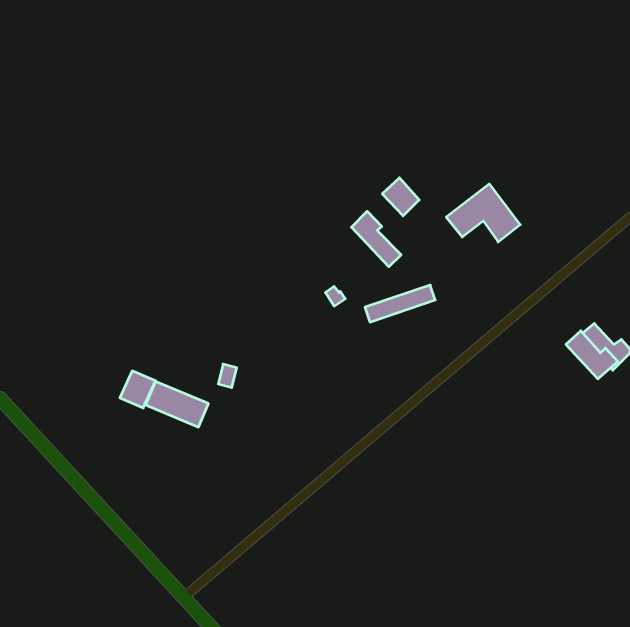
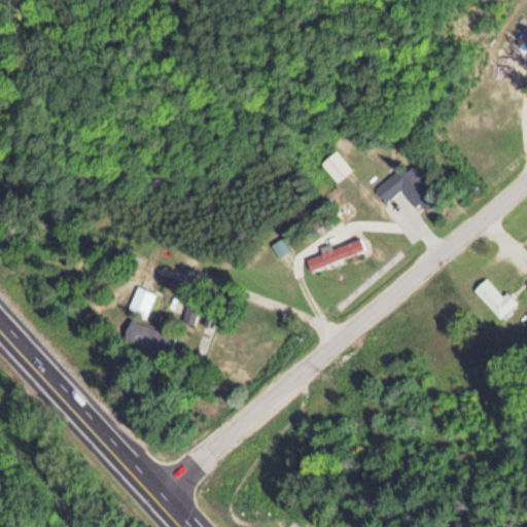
building: [351,211,401,267] -> none
building: [120,371,156,408] -> [127,287,156,318]

